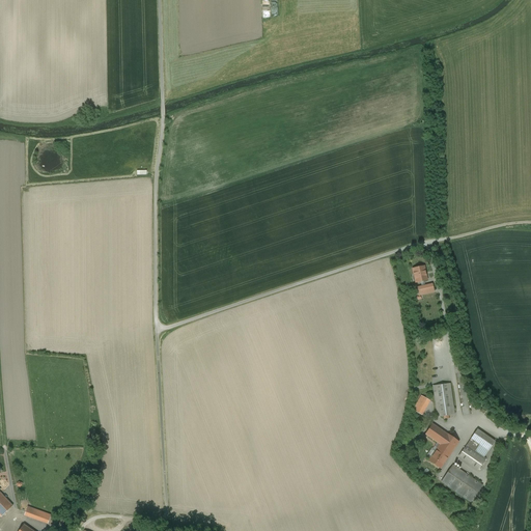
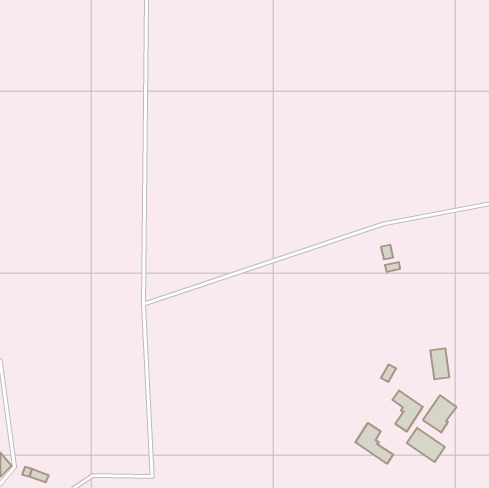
building: [434,383,454,416] -> [430,349,449,379]
building: none -> [355,423,393,464]

